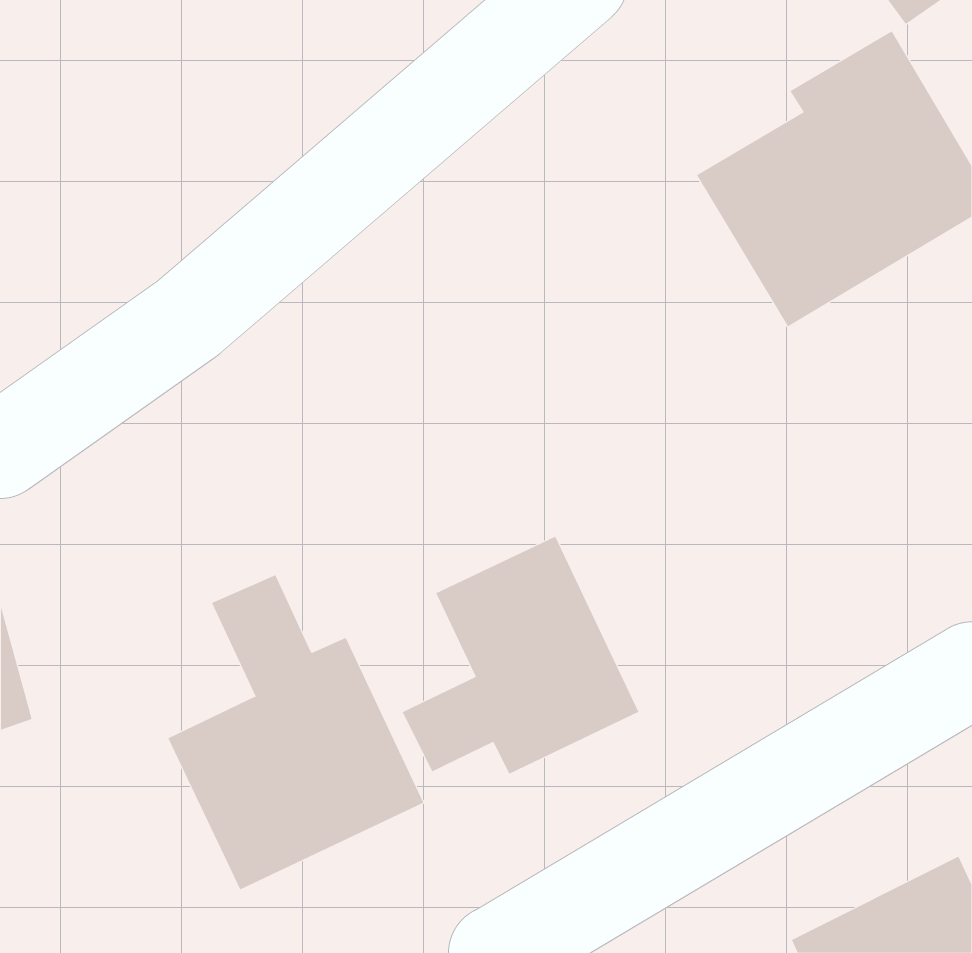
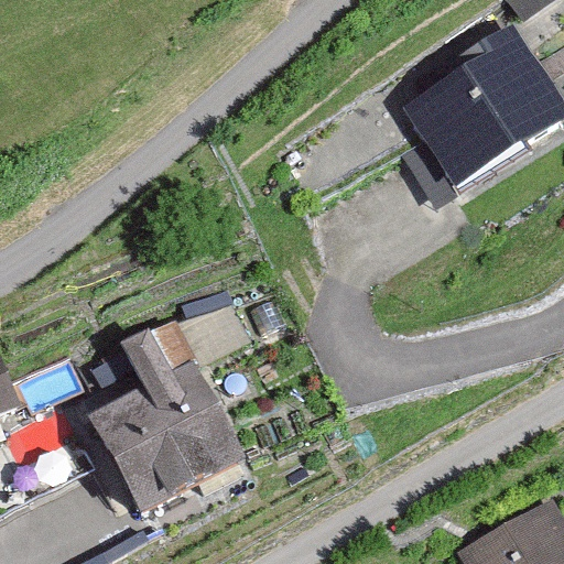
building: [402,536,639,774] -> none

